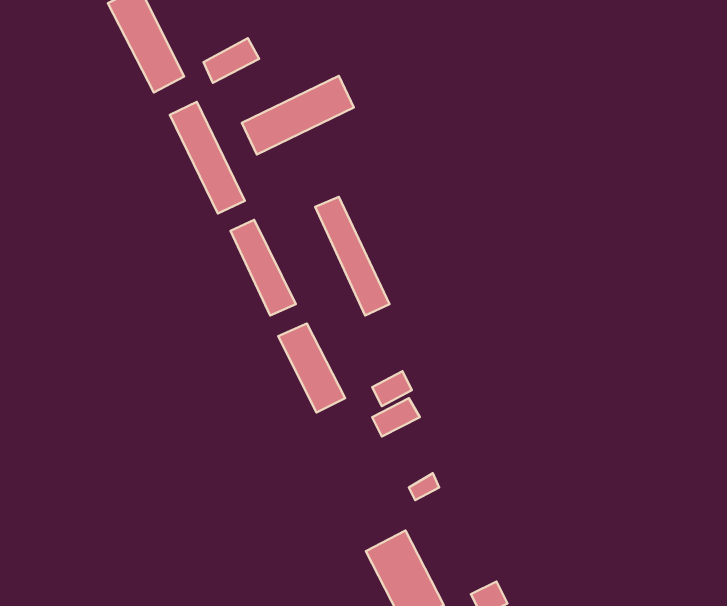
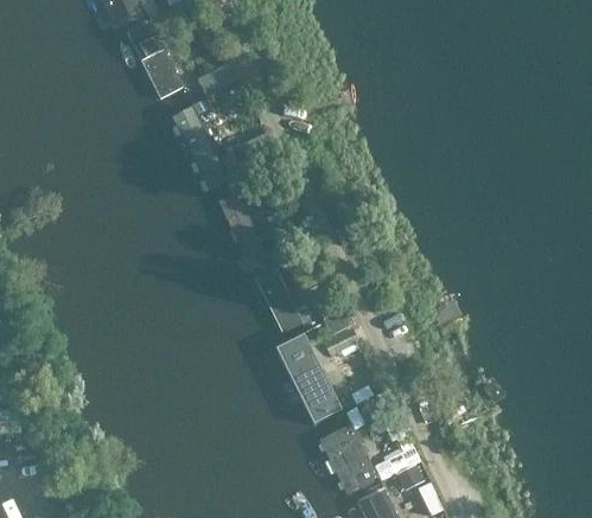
building: [242,76,354,154] -> none
building: [315,197,390,316] -> none
building: none -> [280,331,345,423]

